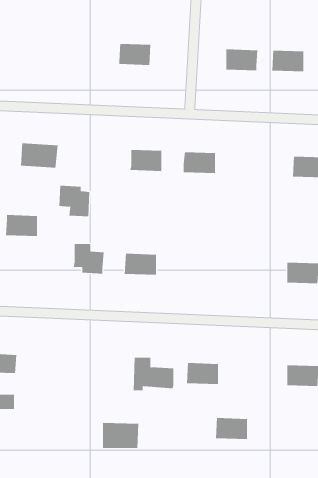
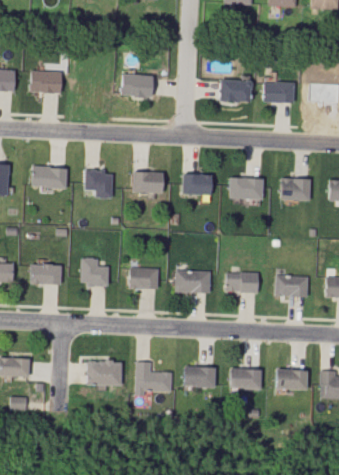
building: none -> [31,73,61,93]
building: none -> [231,179,261,199]
building: [59,185,90,217] -> [85,170,114,199]
building: [5,215,38,237] -> [30,264,60,284]
building: none -> [176,271,210,293]
building: none -> [227,273,258,293]
building: [215,418,248,440] -> [232,370,262,390]
building: [102,422,139,449] -> [87,362,121,386]

